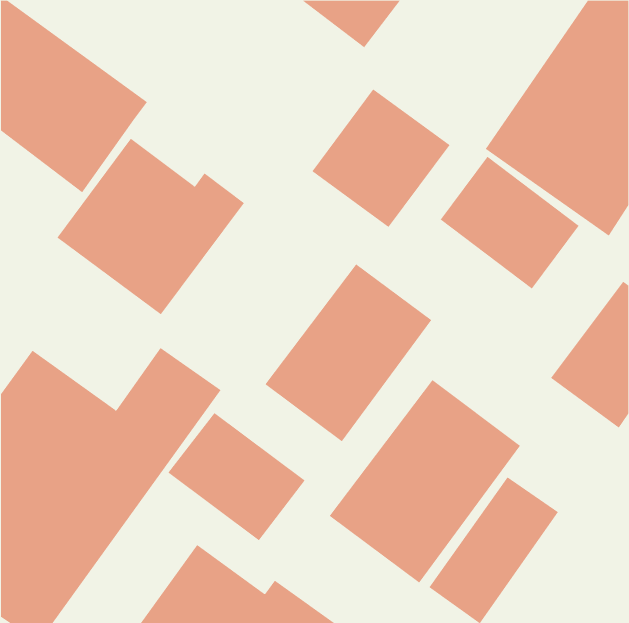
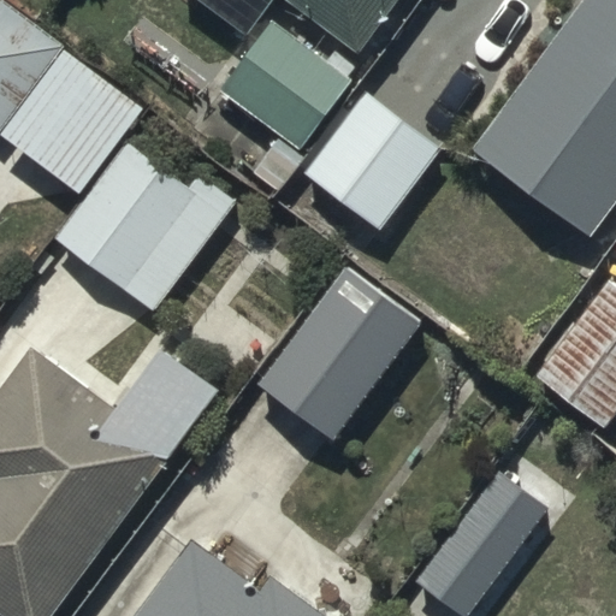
building: none -> [212,20,350,191]
building: [440,156,579,290] -> none
building: [329,379,521,583] -> none
building: [168,412,306,541] -> none

